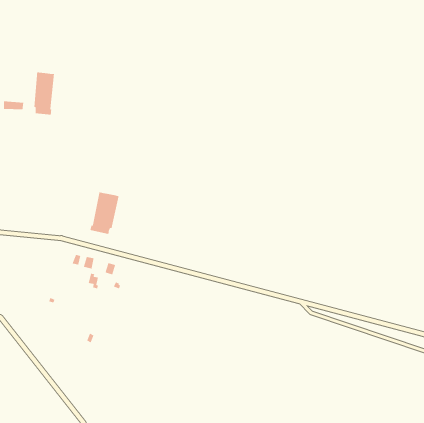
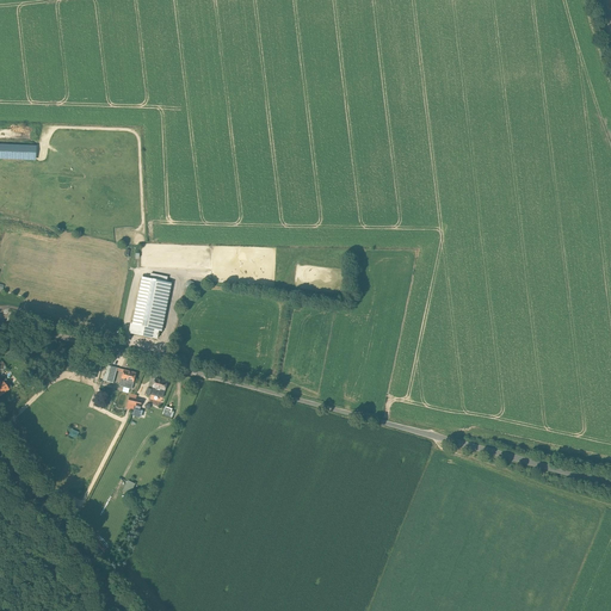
building: [33,72,55,115] -> none

